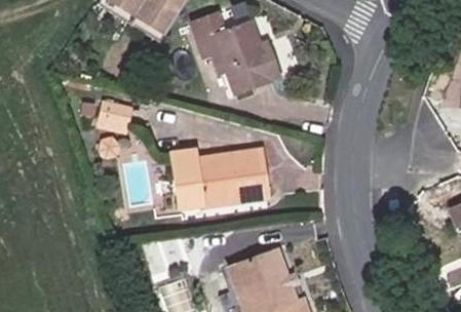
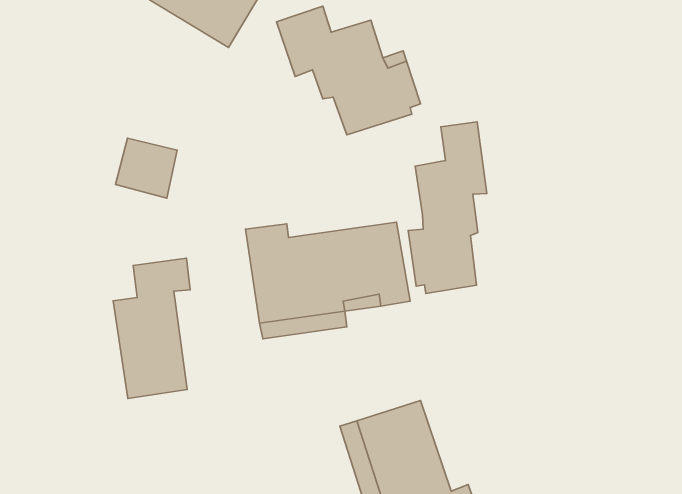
building: none -> [408,122,487,294]
building: none -> [113,258,190,398]

